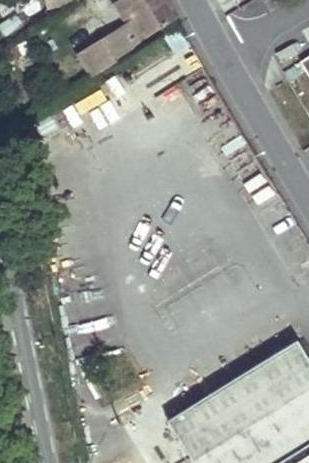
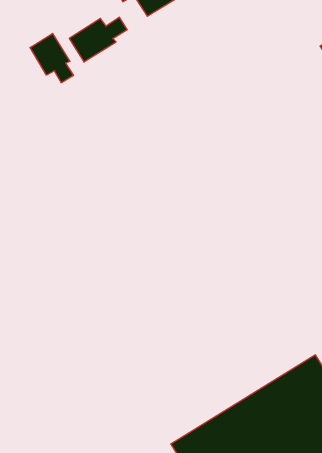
building: none -> [30,33,73,83]

